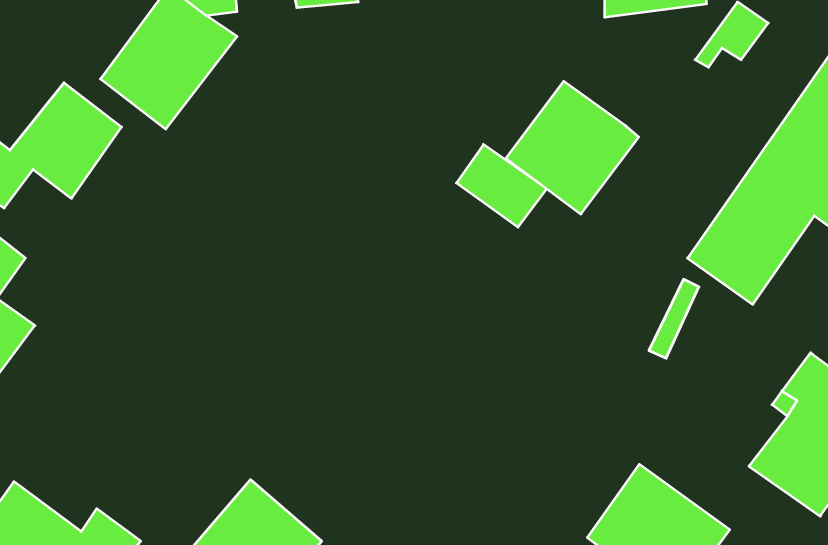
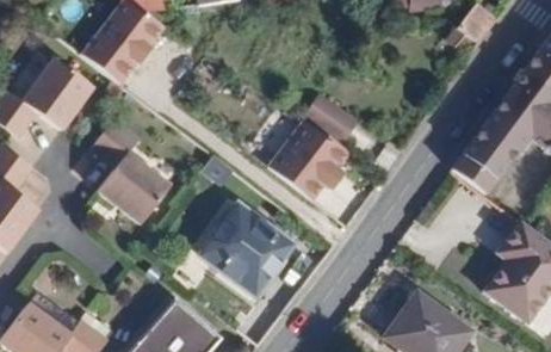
building: [506,81,639,214] -> [266,117,348,199]
building: none -> [91,118,168,220]
building: none -> [203,205,292,295]

